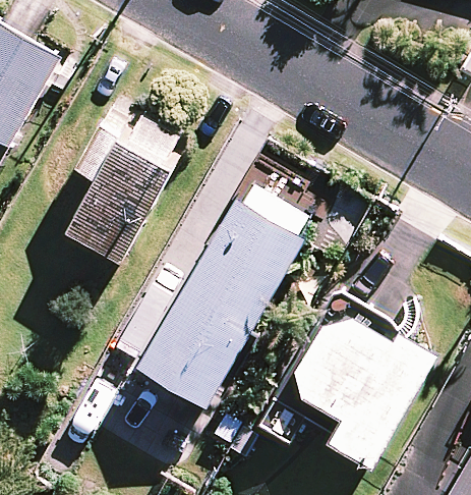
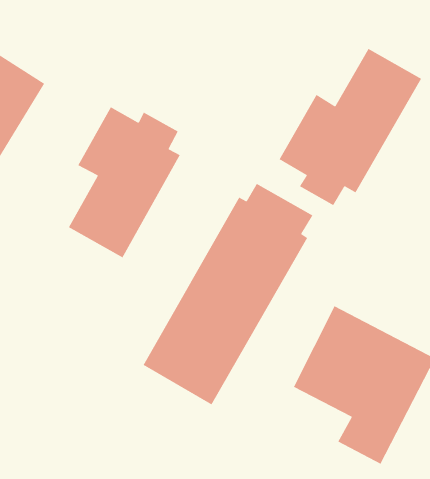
building: none -> [279,48,422,206]

